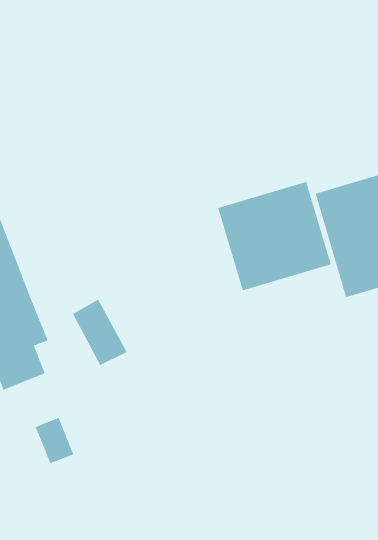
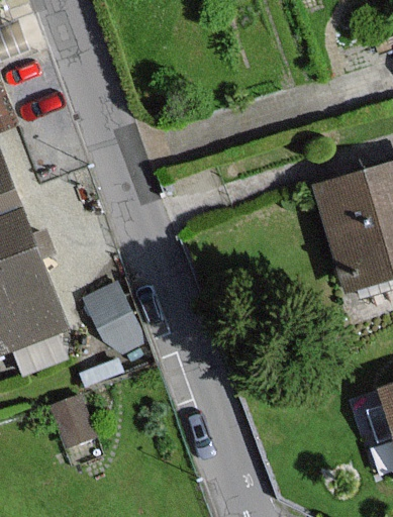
building: [217,181,331,291] -> none

